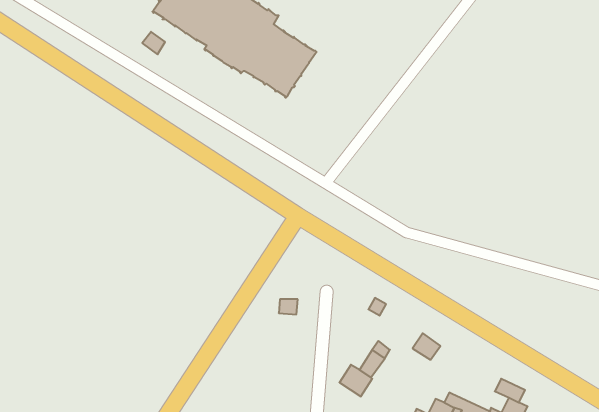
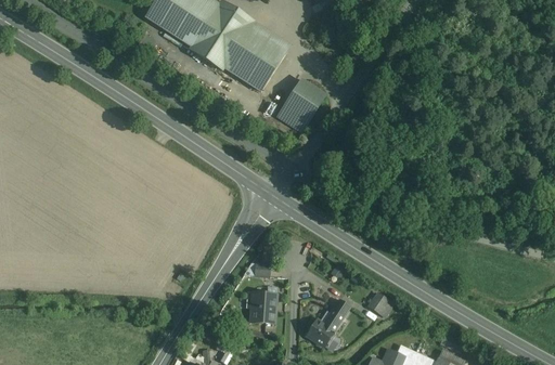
building: none -> [276,78,325,131]
building: none -> [250,292,275,323]

